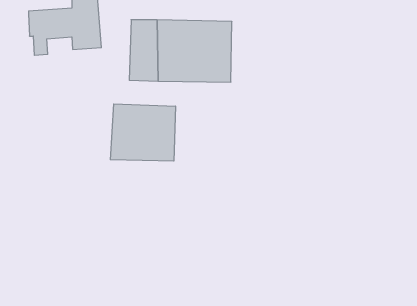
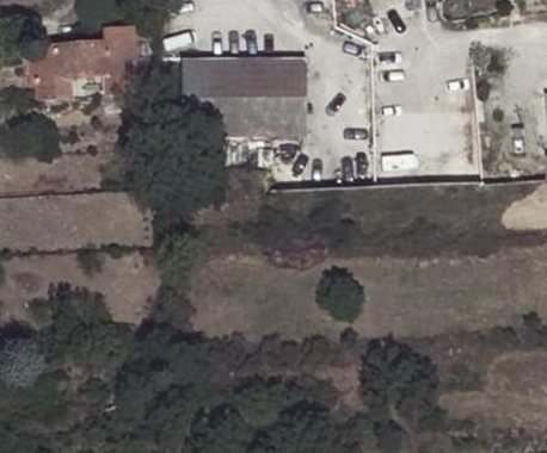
building: none -> [35,48,62,100]
building: [110,104,175,161] -> none

